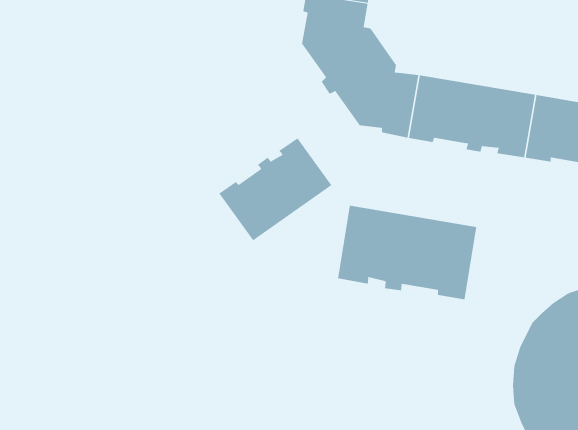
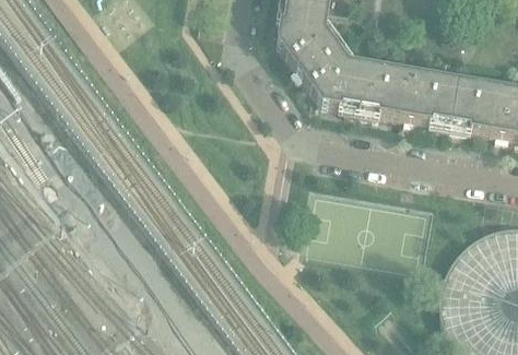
building: [219,137,332,241] -> none
building: [338,205,477,300] -> none

